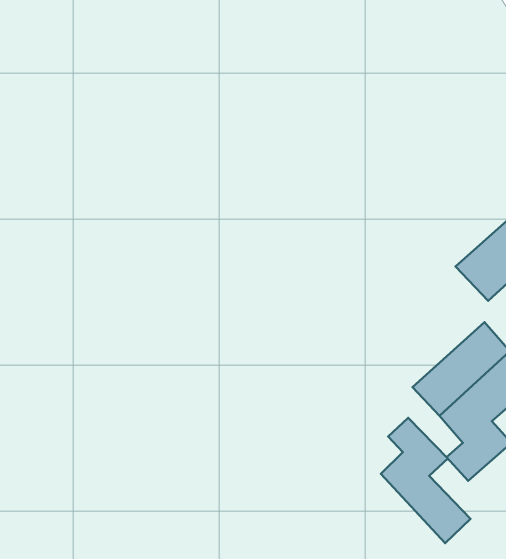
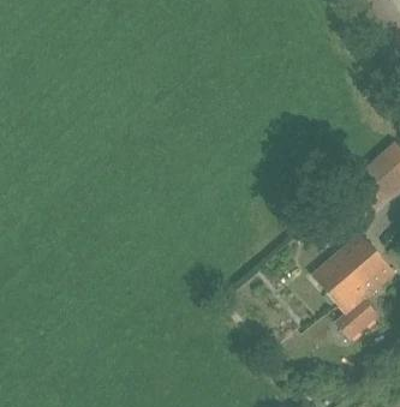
building: [381,418,470,543] -> none

